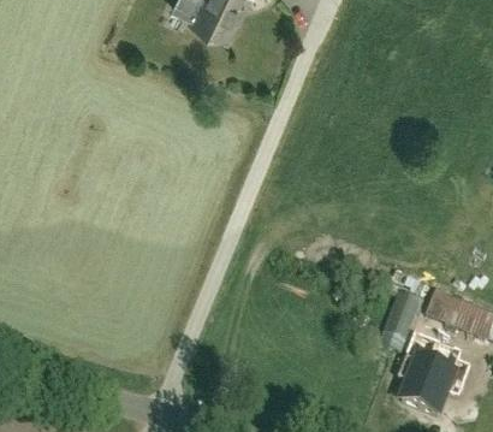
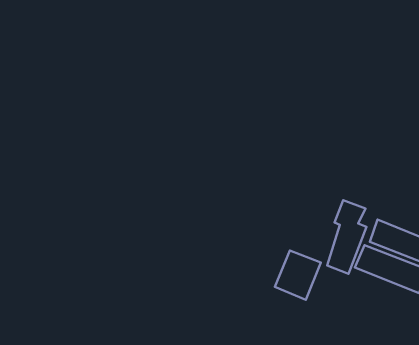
building: [403,357,455,413] -> [275,251,321,300]

